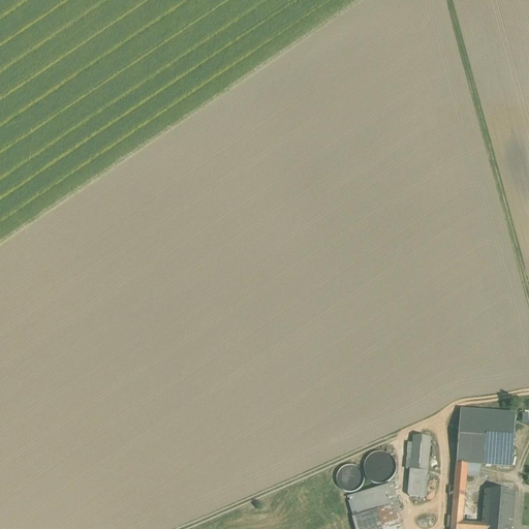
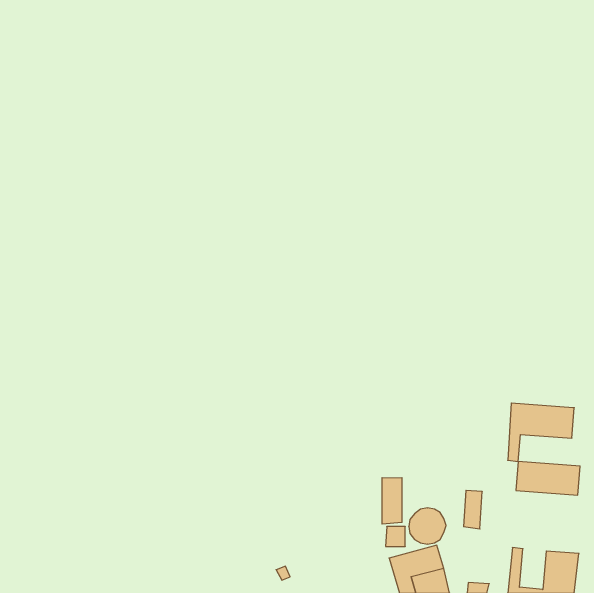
building: none -> [382,478,402,524]
building: [455,435,514,487] -> [508,403,574,461]
building: [408,467,426,496] -> none

